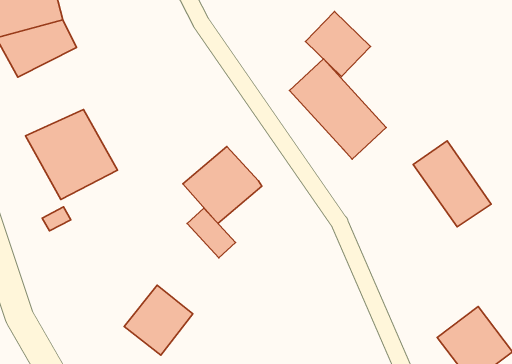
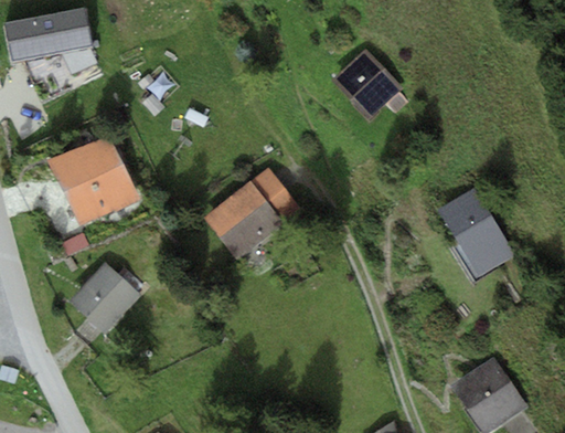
building: [289,59,386,159] -> none
building: [187,208,235,258] -> [250,167,298,218]
building: [124,285,193,355] -> [70,262,139,332]

